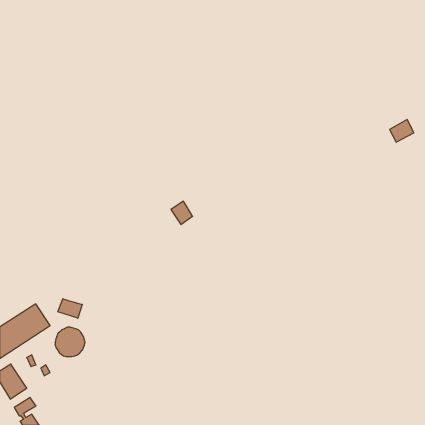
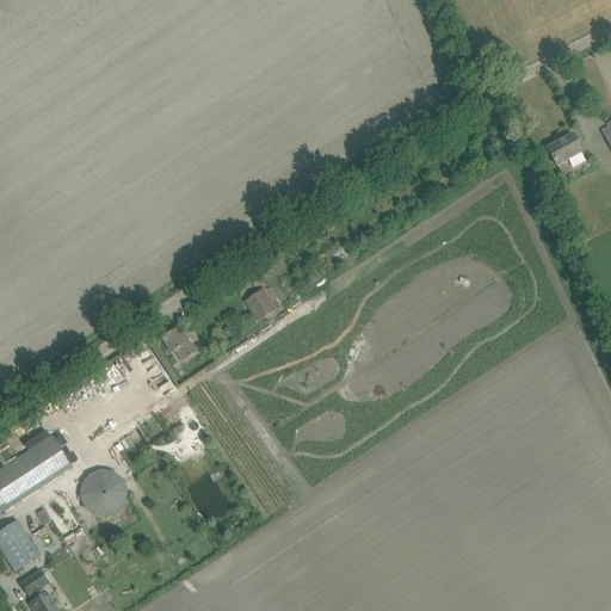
building: [390,120,414,142] -> [547,132,581,165]
building: none -> [161,329,196,360]
building: [58,299,82,318] -> none

